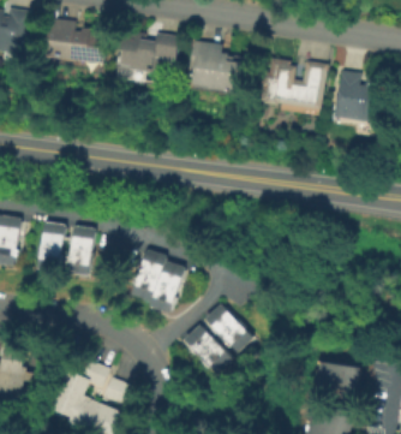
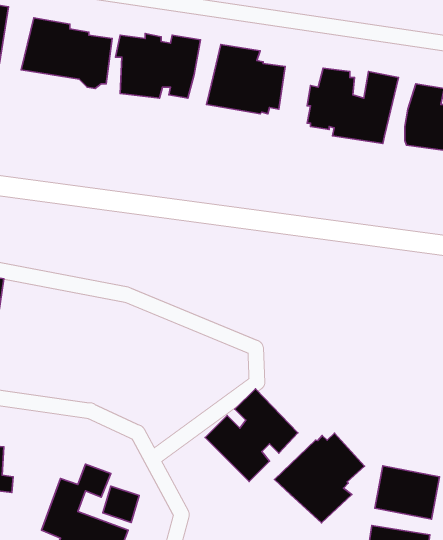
building: [36,220,94,274] -> none
building: [130,248,182,313] -> none
building: none -> [275,433,365,523]

